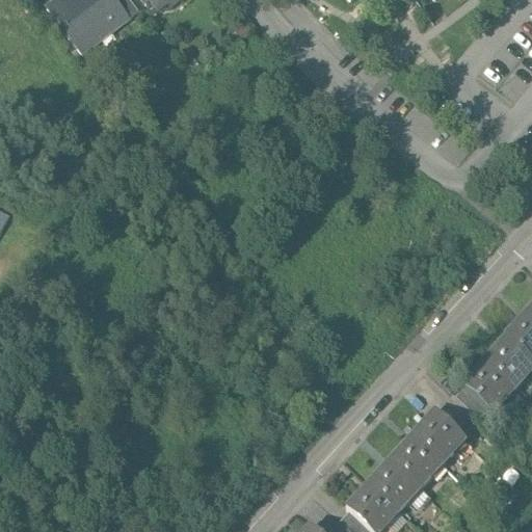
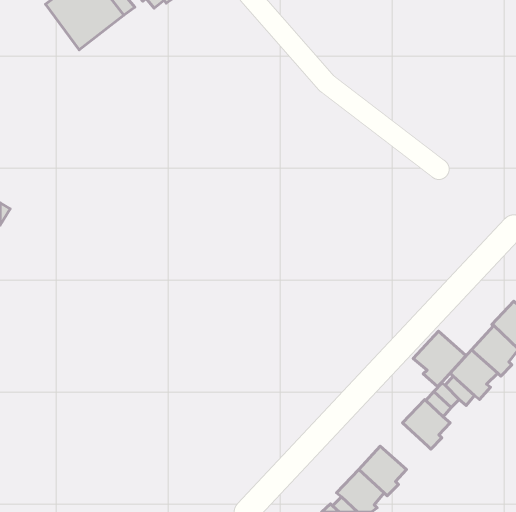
building: none -> [413,331,466,386]
building: [392,433,441,484] -> none

